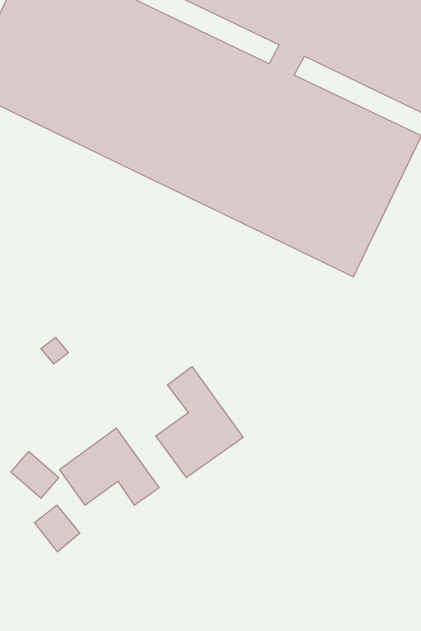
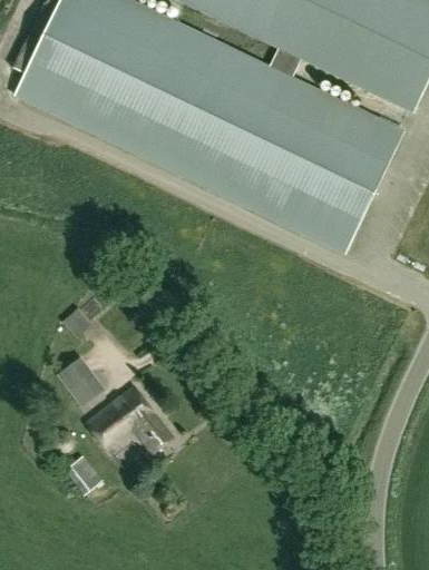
building: [156,367,243,478] -> none
building: [11,452,59,498] -> [60,351,103,392]

